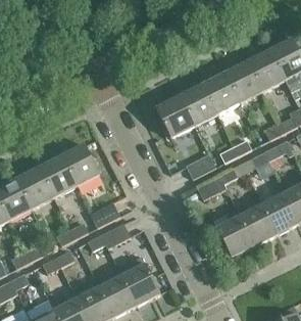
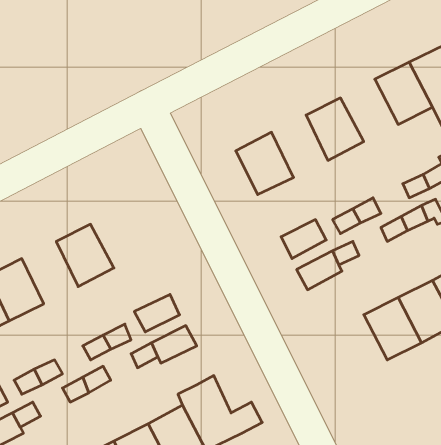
building: [224,61,262,102] -> none
building: [180,85,216,126] -> none
building: [61,144,100,185] -> none
building: [16,168,53,209] -> none
building: [213,209,255,257] -> none

